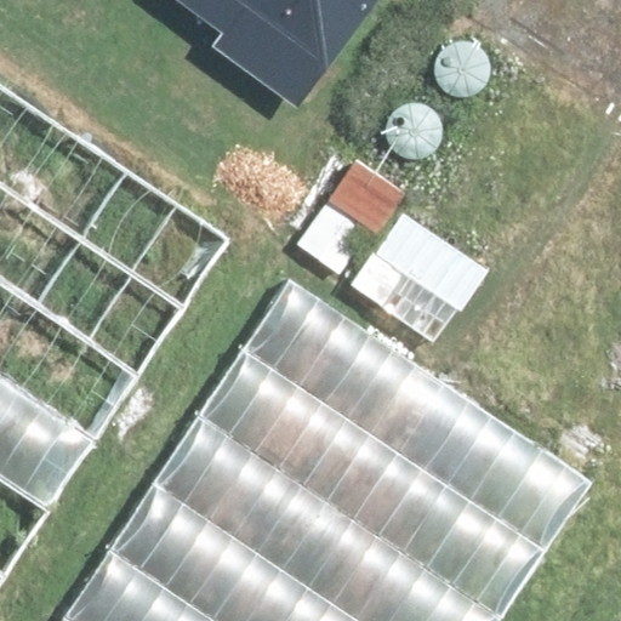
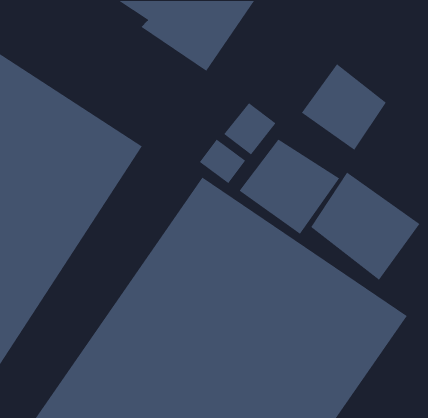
building: none -> [301,63,387,151]
building: none -> [310,172,420,281]

